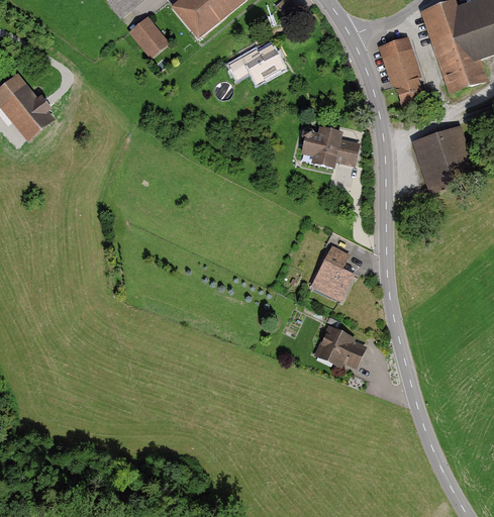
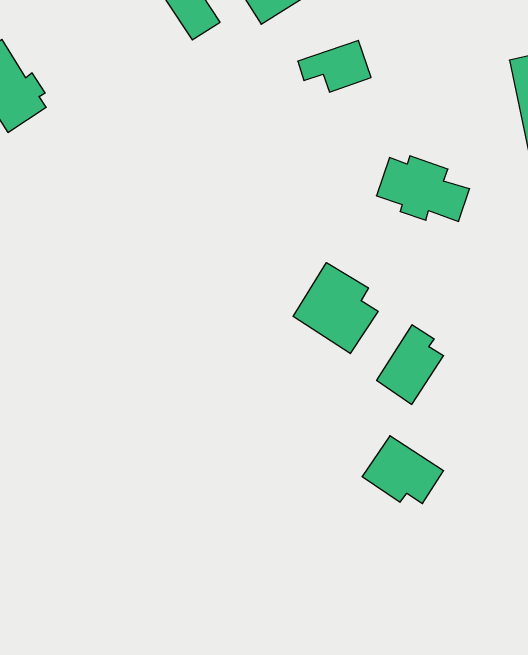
building: none -> [293,263,378,354]

